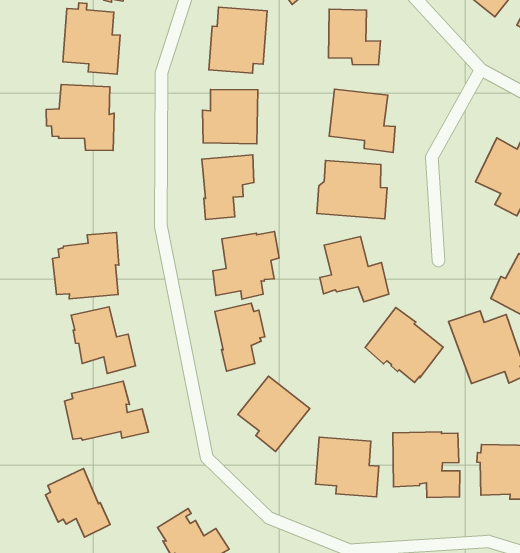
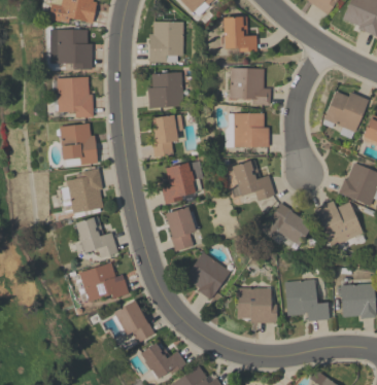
building: none -> [56,124,97,165]
building: [46,469,110,537] -> [111,300,153,343]

